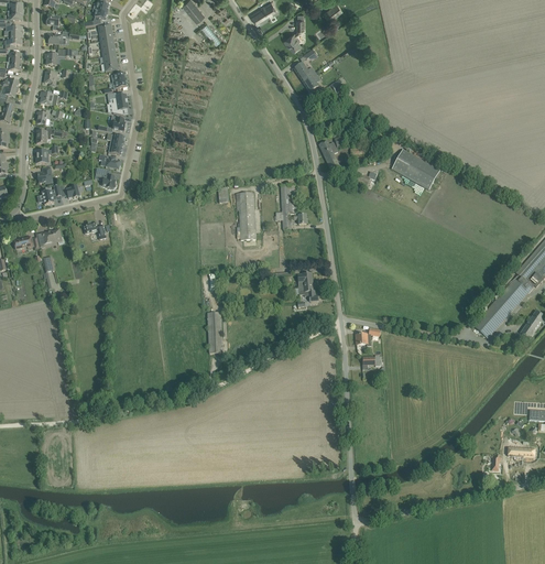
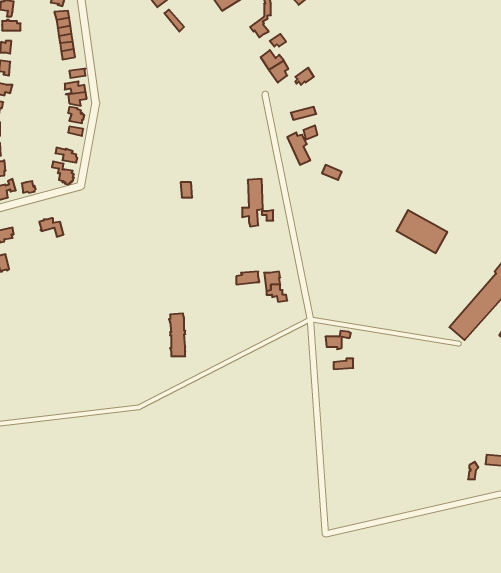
building: [391,149,439,189] -> [396,210,447,253]
building: [238,192,255,239] -> none

